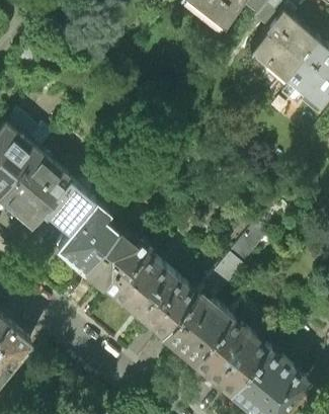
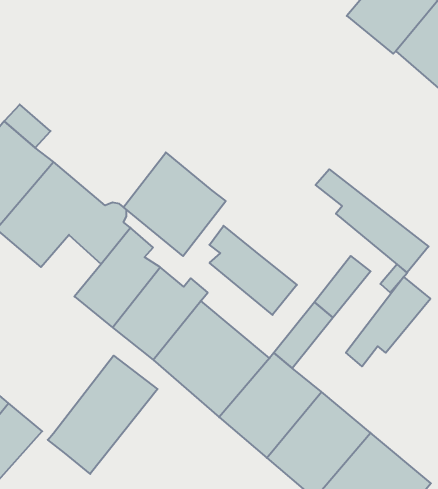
building: none -> [123,152,226,256]
building: none -> [316,169,429,273]
building: none -> [209,226,297,315]
building: none -> [346,277,430,366]
building: none -> [48,356,158,474]

